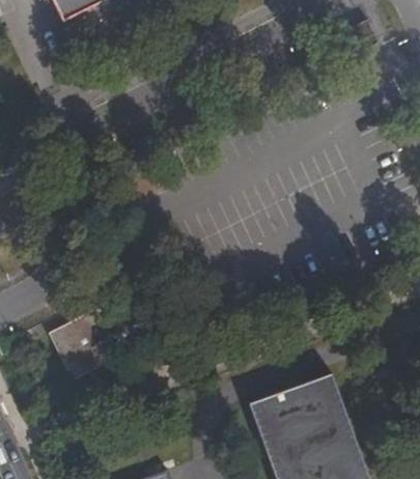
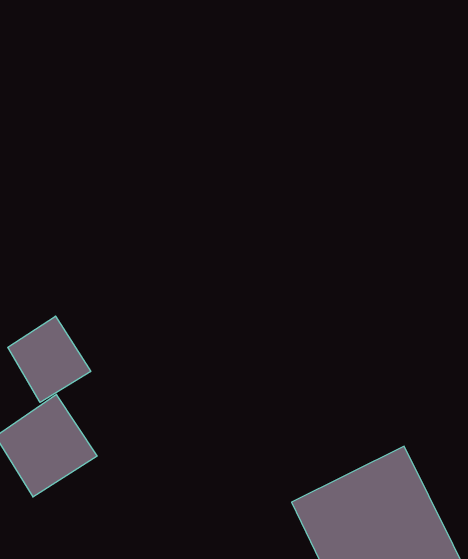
building: none -> [8,316,91,402]

